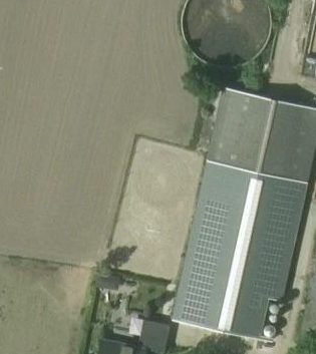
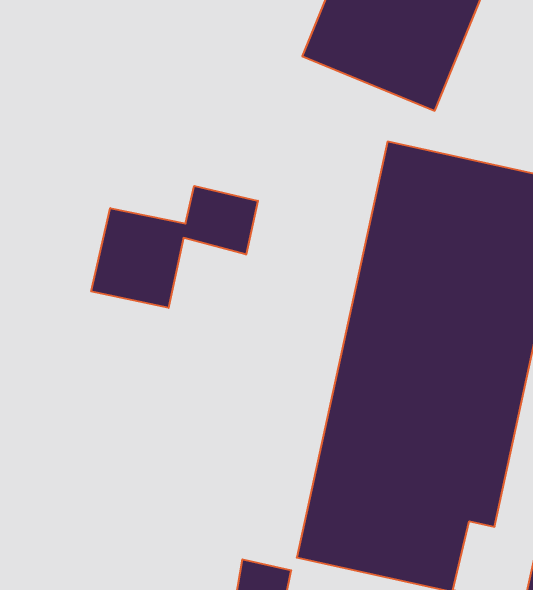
building: none -> [91,186,258,308]

